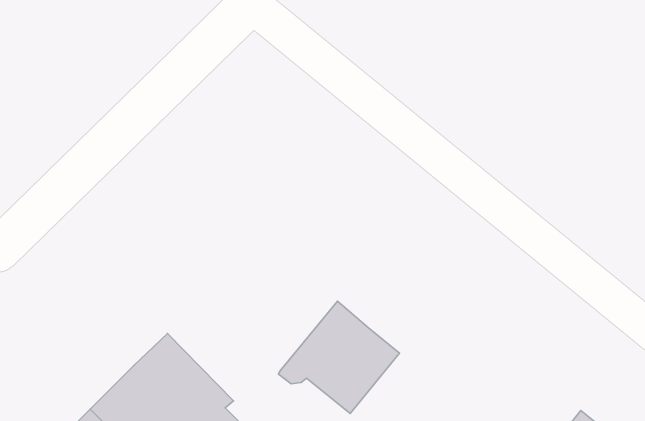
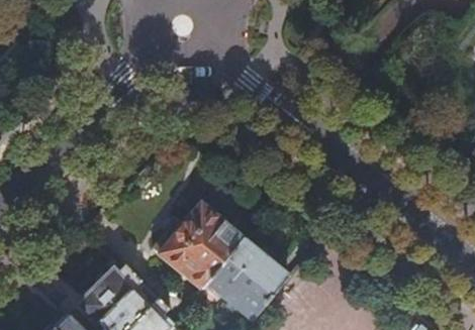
building: none -> [154,205,244,290]

